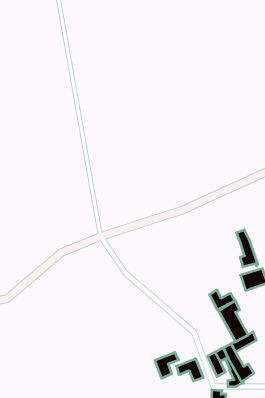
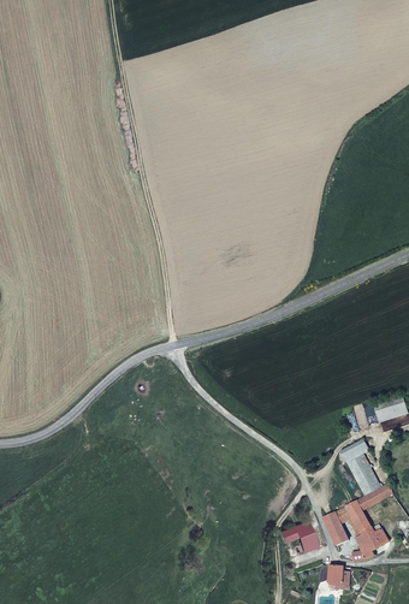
building: [236,230,258,267] -> none
building: [209,290,235,310] -> none
building: [155,352,179,378] -> none

